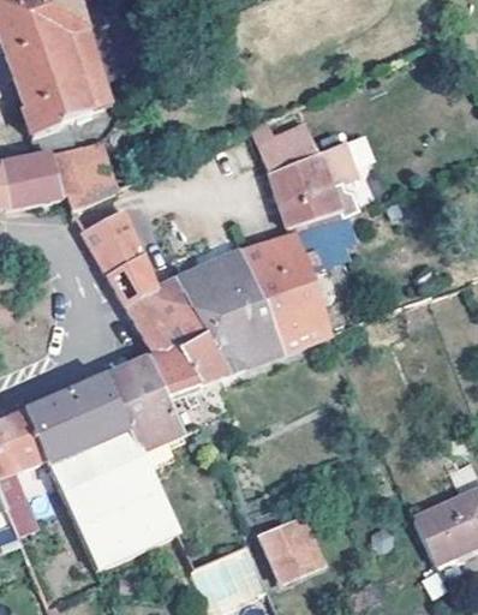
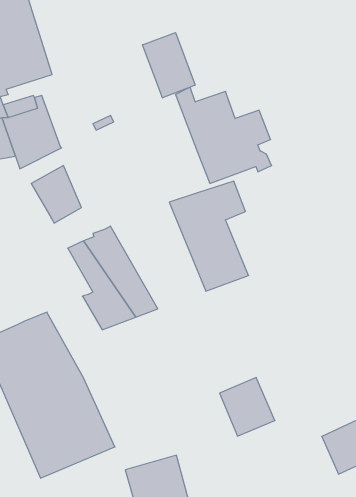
building: none -> [142,33,195,98]
building: [175,249,285,371] -> none
building: [110,255,156,301] -> none
building: [102,357,187,450] -> none
building: [265,513,329,580] -> [220,378,275,436]

